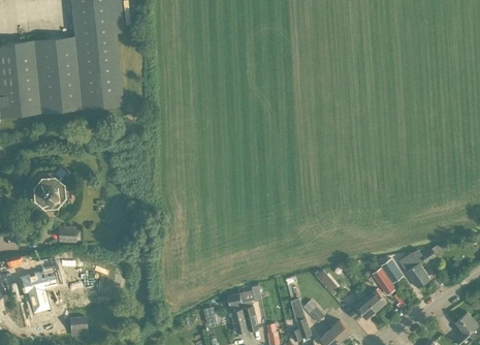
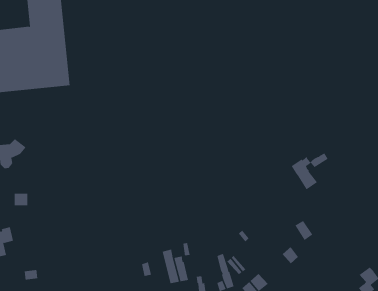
building: [399,245,443,288] -> [291,153,328,190]
building: [347,292,377,320] -> none

